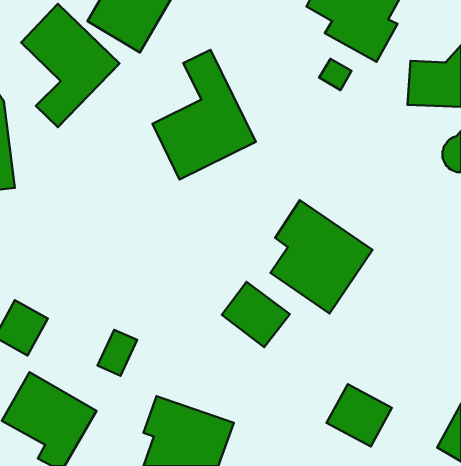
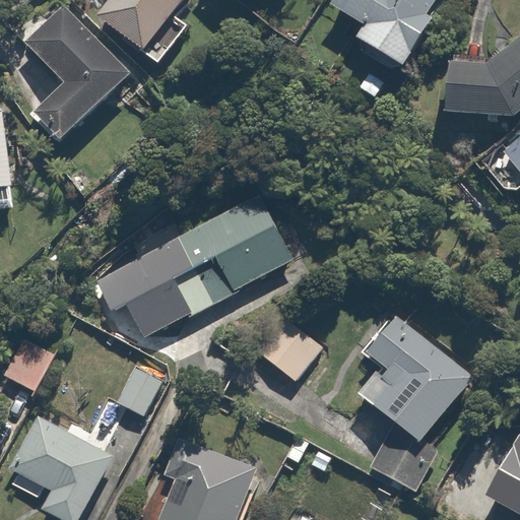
building: [153,50,256,180] -> none
building: none -> [93,194,296,339]
building: [270,200,373,314] -> [362,316,474,441]

